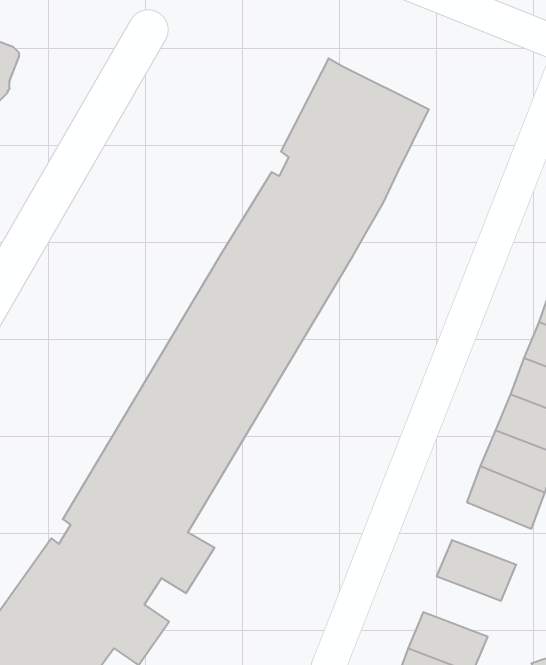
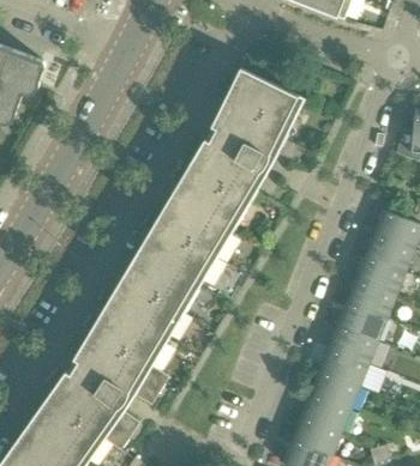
building: none -> [319,346,370,386]
building: none -> [301,393,350,431]

